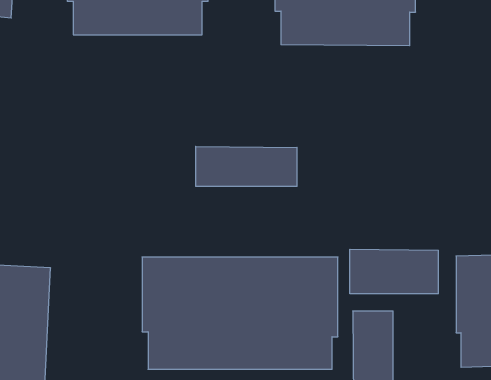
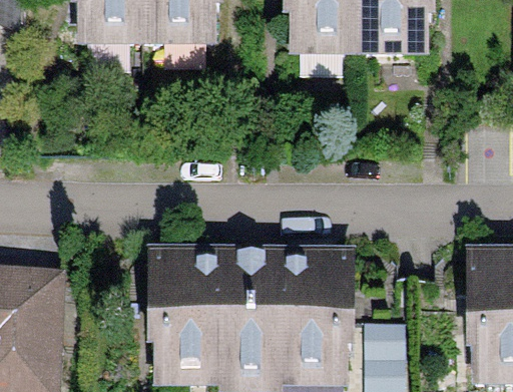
building: [196,146,297,186] -> none
building: [350,249,438,294] -> none

